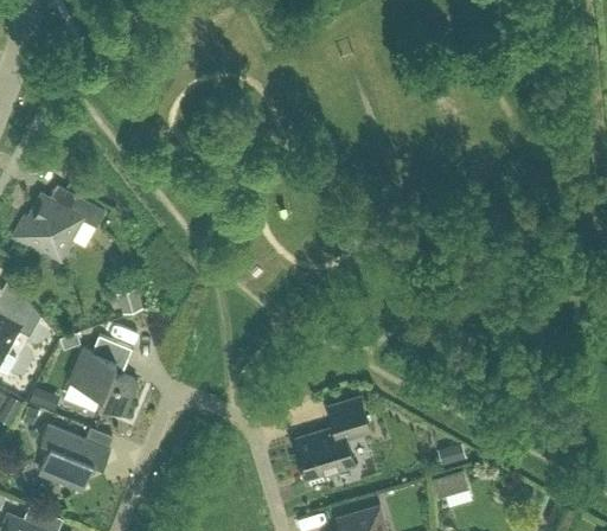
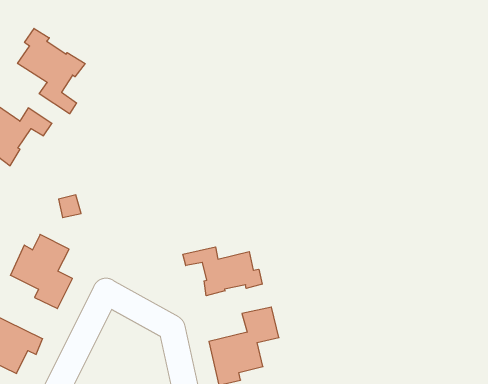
building: none -> [18,28,85,114]
building: none -> [183,247,262,296]

